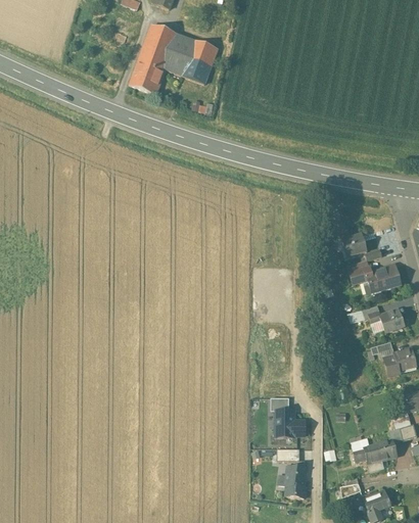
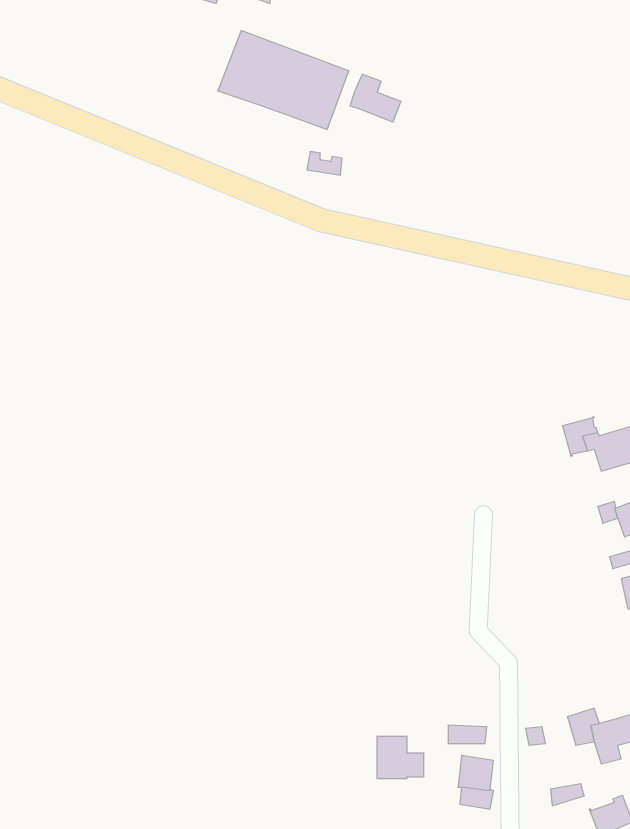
building: none -> [350,74,401,122]
building: [130,61,166,95] -> none
building: [341,232,367,255] -> none
building: [275,410,304,435] -> [377,736,424,778]

